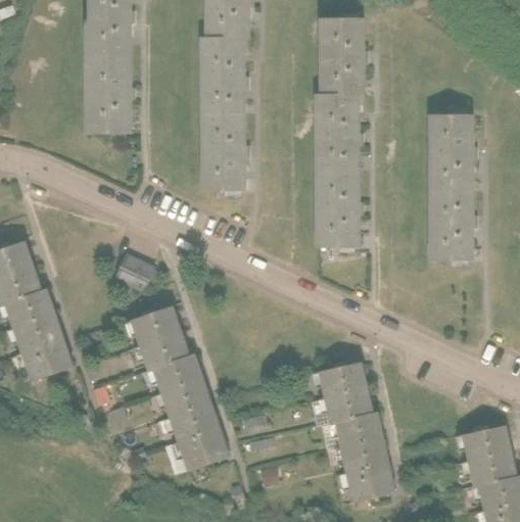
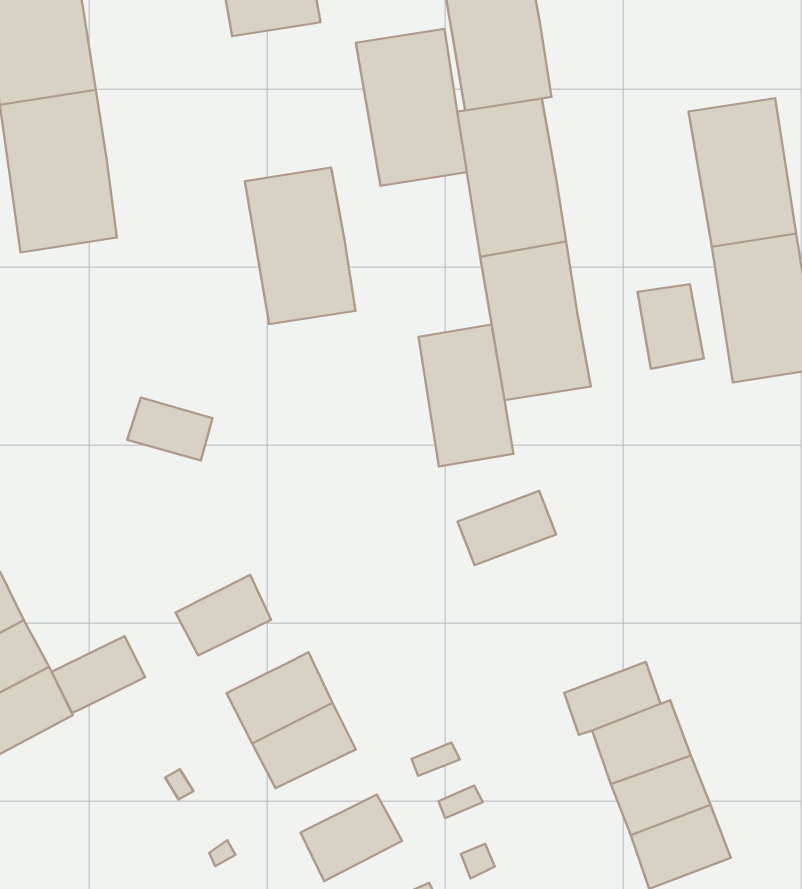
building: [200,37,246,111] -> [356,29,467,186]
building: none -> [638,284,704,369]
building: none -> [418,324,514,466]
building: [115,255,160,292] -> [127,397,212,460]
building: [140,336,187,371] -> [52,636,145,713]
building: [318,364,367,396] -> [458,491,556,565]
building: [169,409,220,446] -> none

